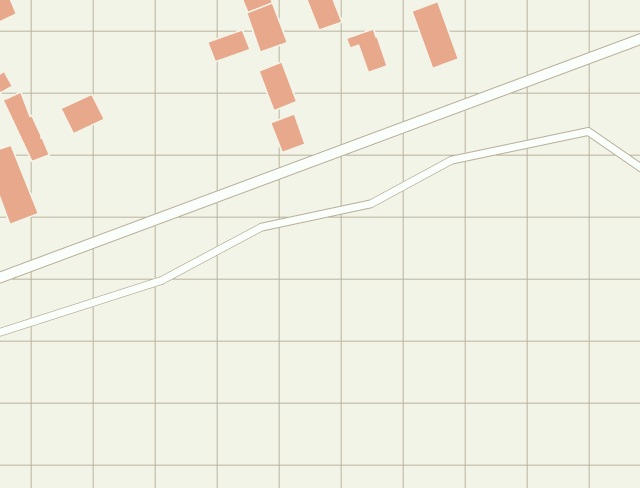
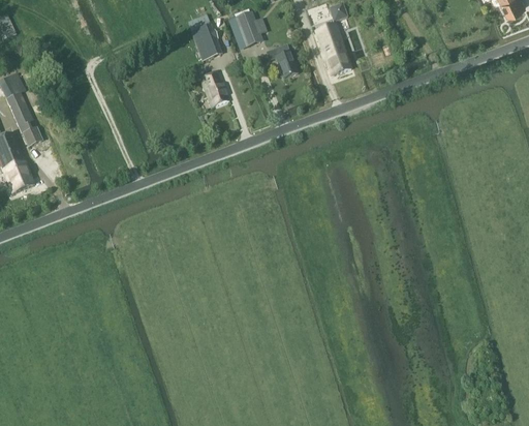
building: [208,30,250,62] -> none
building: [61,94,104,134] -> none
building: [271,114,305,153] -> none

